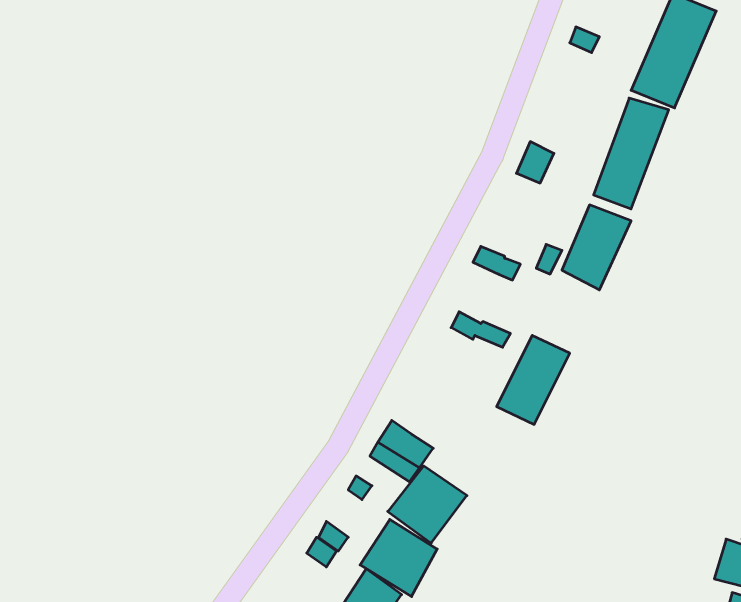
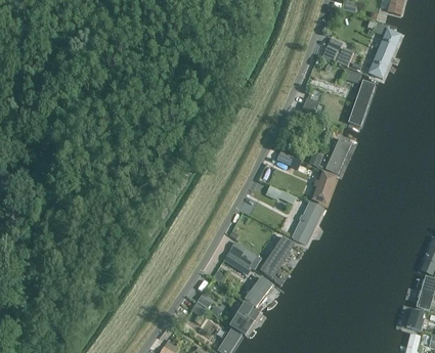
building: none -> [308,167,338,206]
building: none -> [258,234,300,279]

